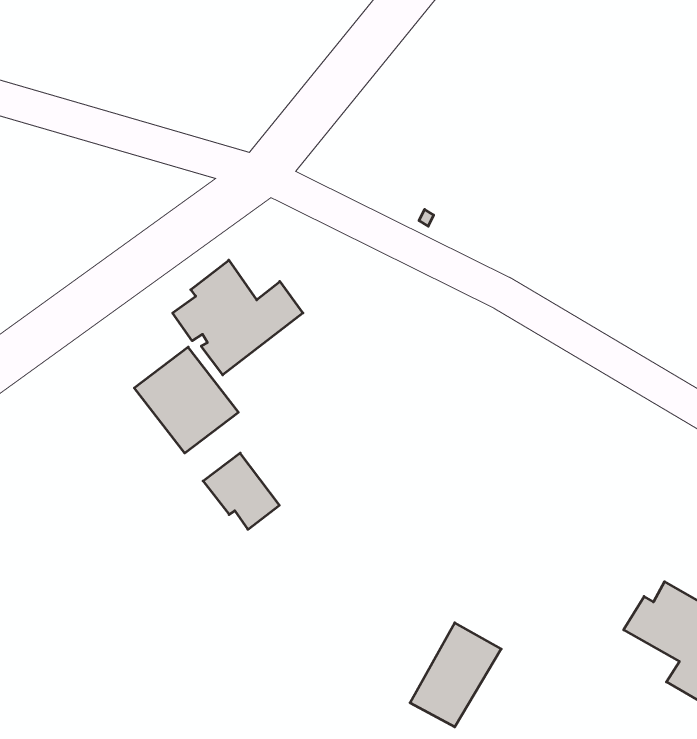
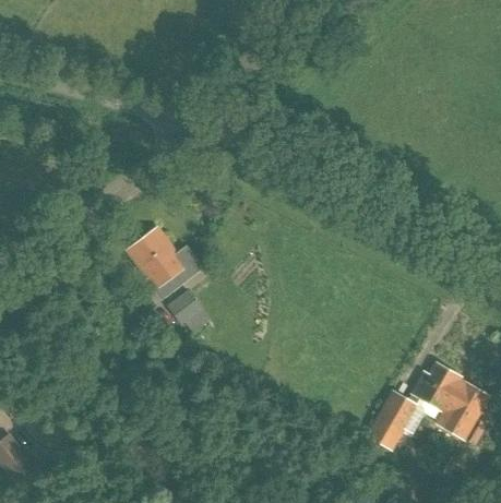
building: [173,260,303,375] -> none
building: [410,623,501,727] -> [367,390,420,451]

